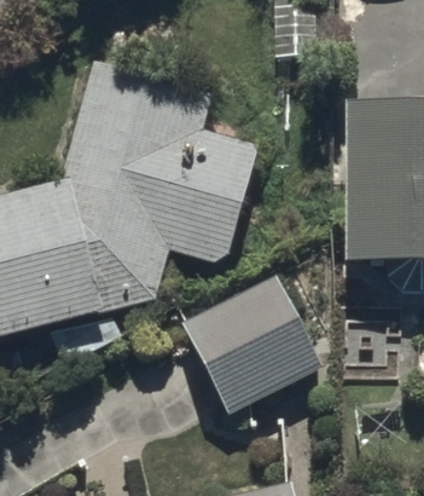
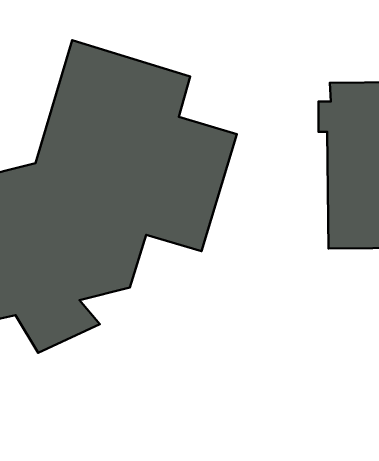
building: [184,272,321,413] -> none

